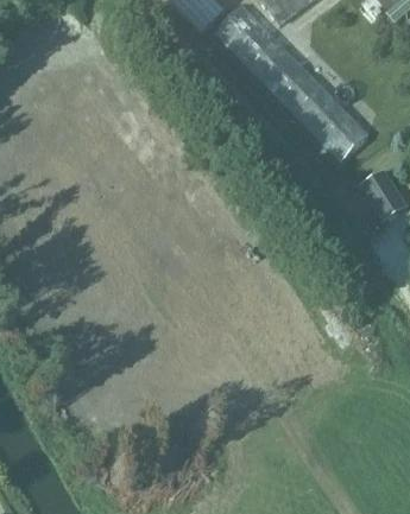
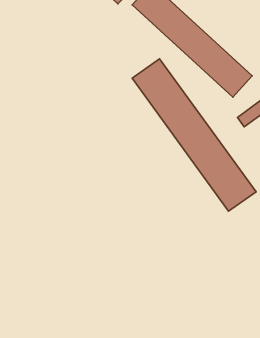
building: none -> [132,59,256,211]

